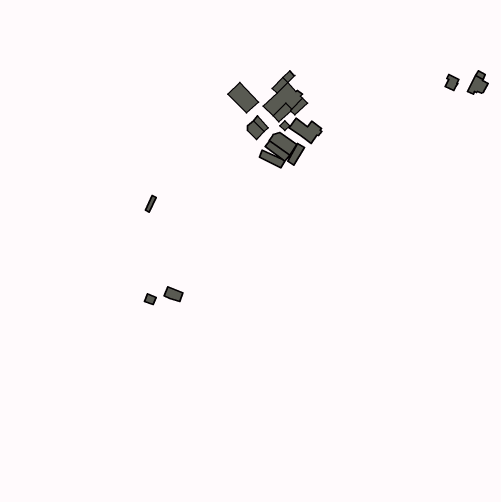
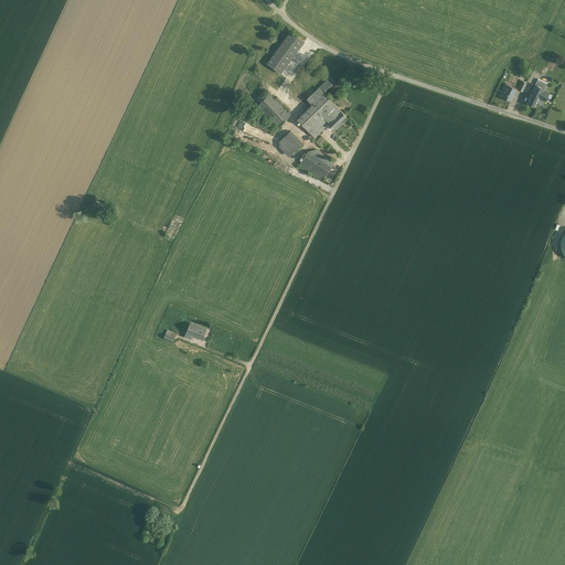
building: none -> [266,32,303,74]
building: [289,118,322,143] -> none

